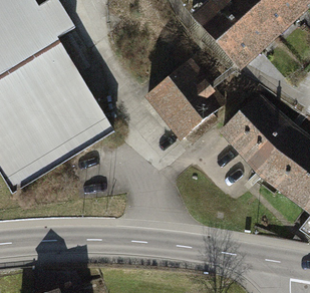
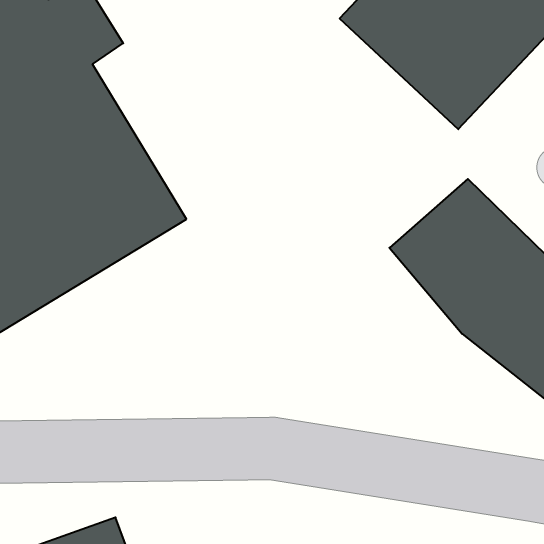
building: [141,55,225,138] -> none

